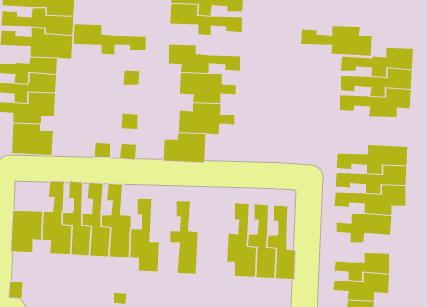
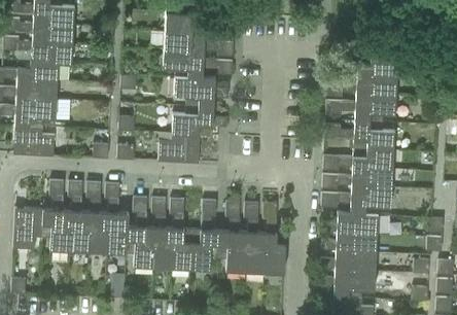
building: [73,24,146,55] -> [164,31,234,61]
building: [300,26,373,56] -> [324,119,393,148]
building: none -> [146,199,174,269]
building: none -> [190,201,220,271]
building: none -> [322,231,376,258]

